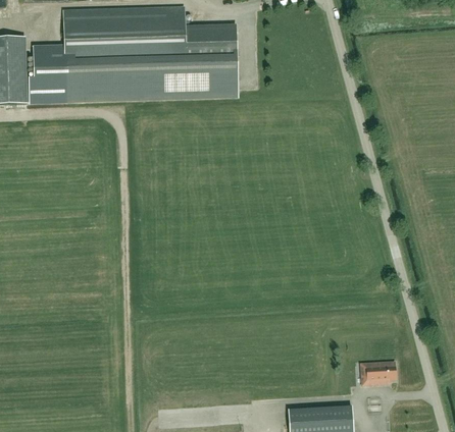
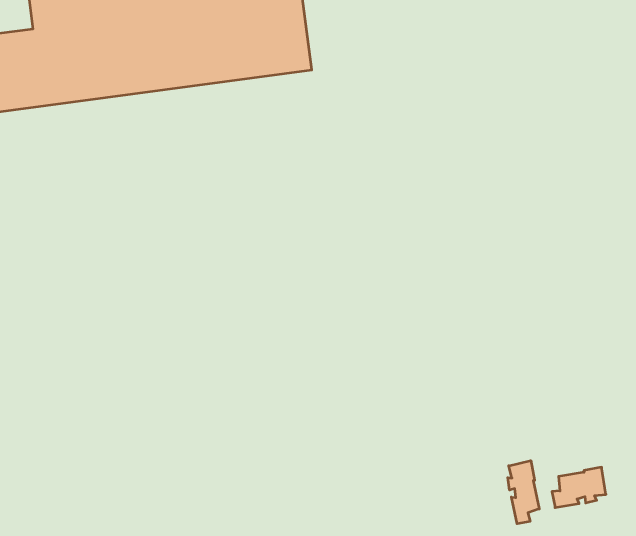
building: none -> [508,461,539,524]

